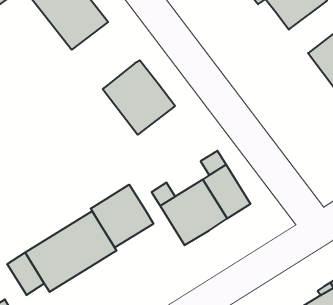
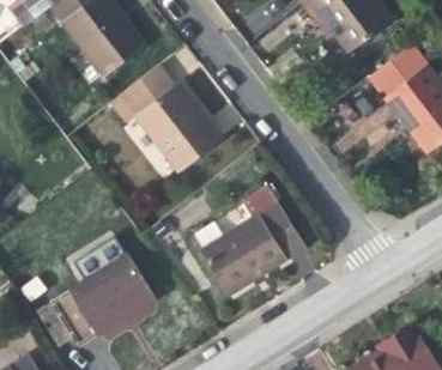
building: none -> [120,66,174,116]
building: [91,185,153,247] -> none

